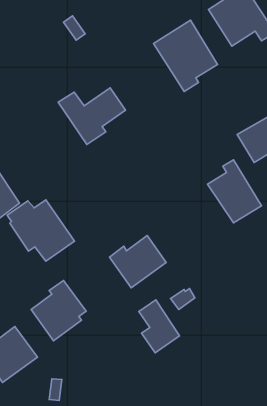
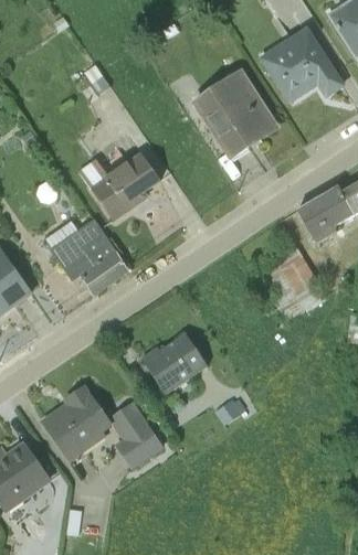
building: [7,200,75,261] -> [45,218,128,293]
building: [139,300,179,353] -> [112,403,161,468]

